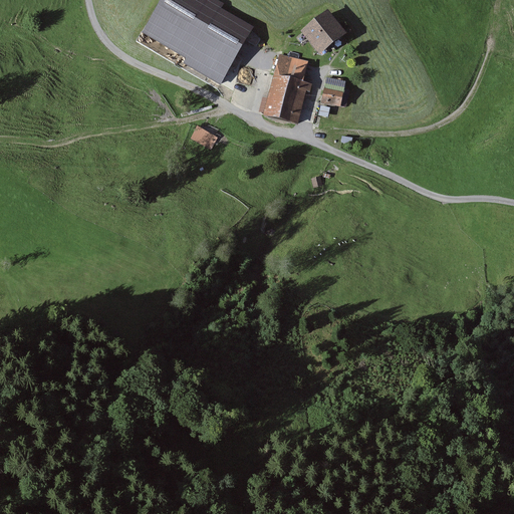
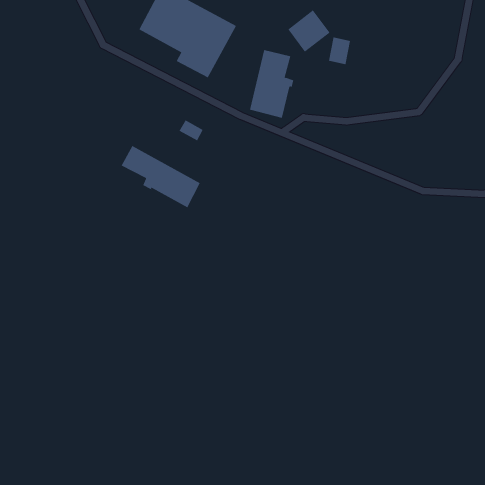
building: [320,77,344,106] -> [328,37,351,65]
building: none -> [121,145,201,208]

